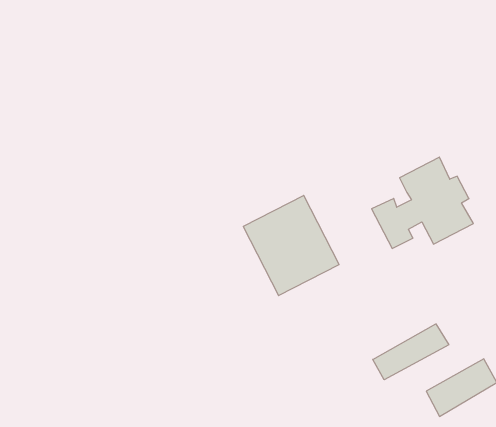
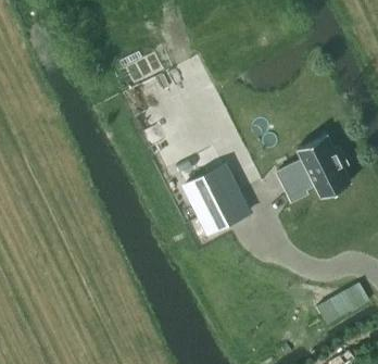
building: [373,324,449,380] -> none

